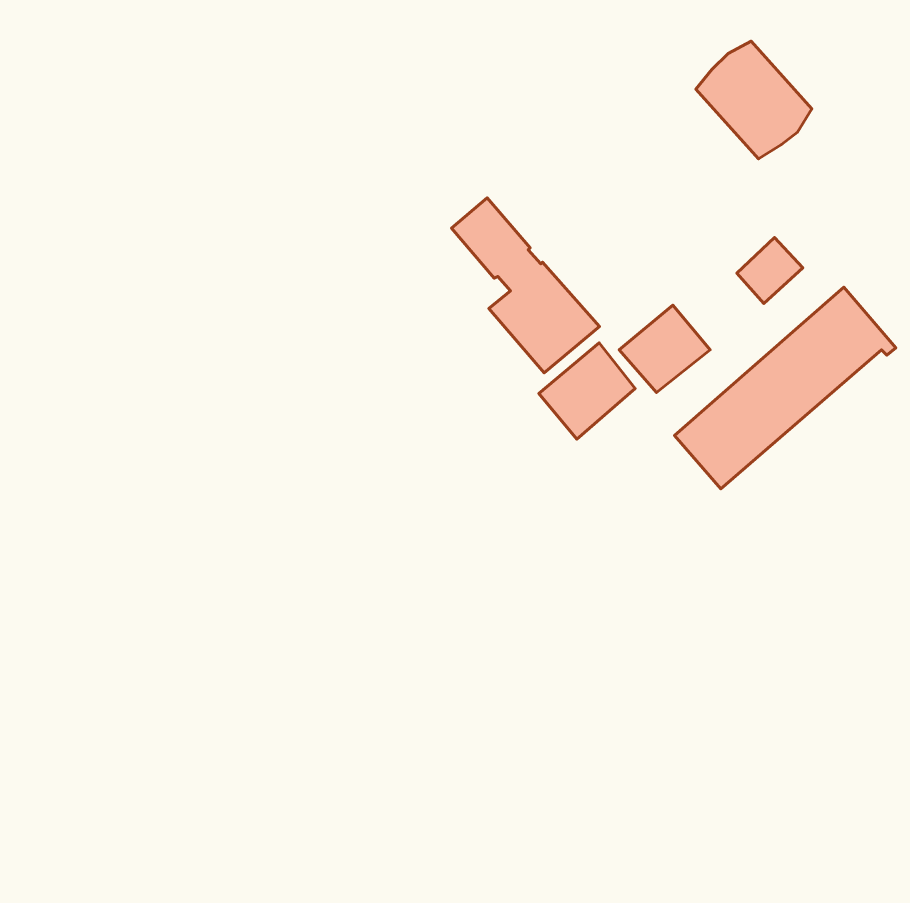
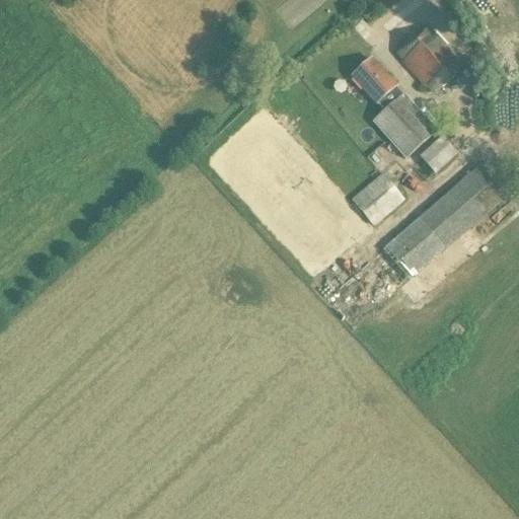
building: [452,198,600,373] -> [352,57,436,156]
building: [539,343,635,439] -> none

